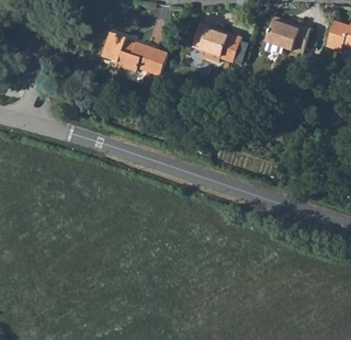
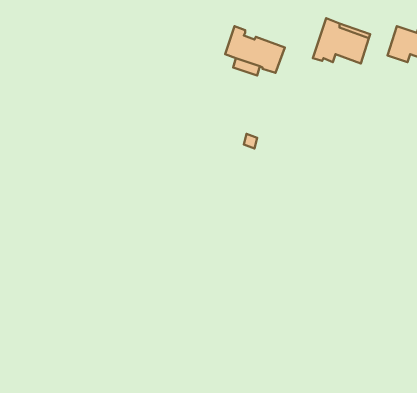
building: [101,32,166,75] -> none

